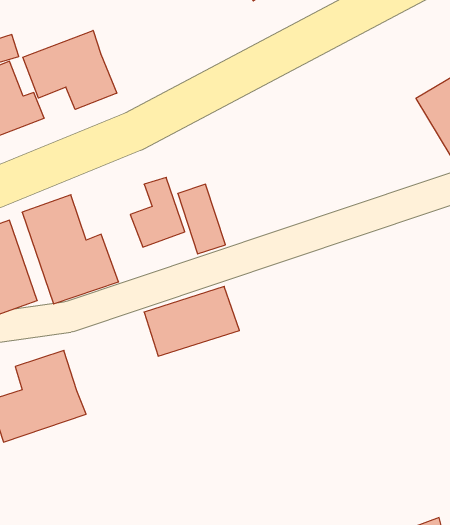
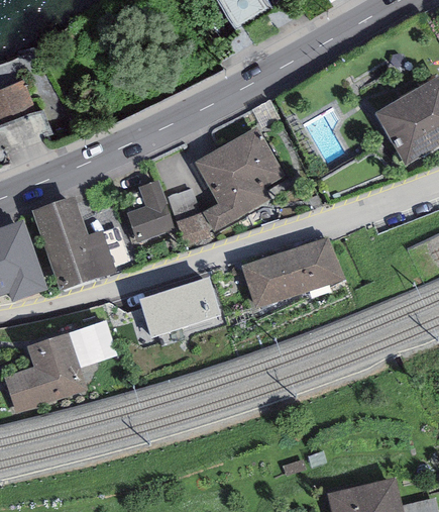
building: [23,30,117,109] -> none
building: none -> [194,127,284,232]
building: none -> [240,236,342,309]
building: none -> [69,320,118,368]

